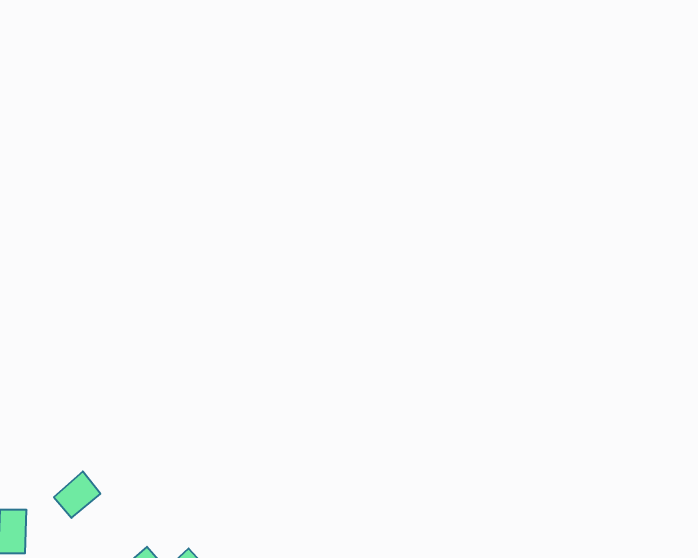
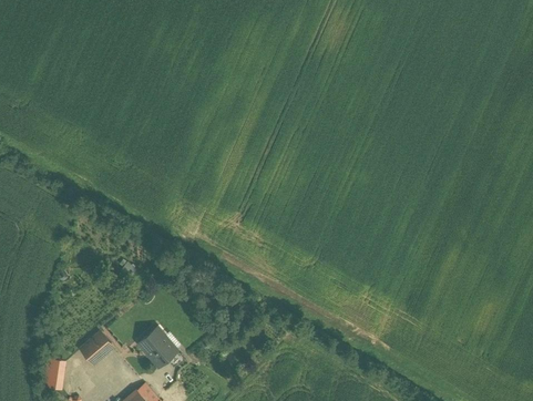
building: none -> [139,327,174,364]

